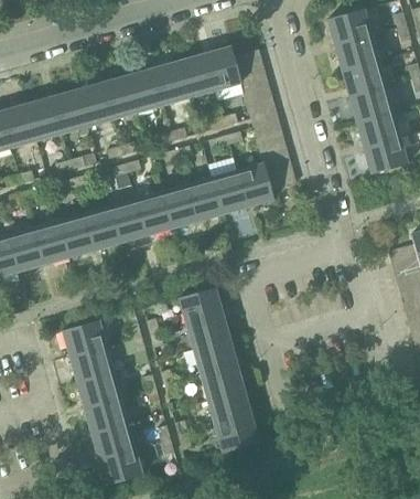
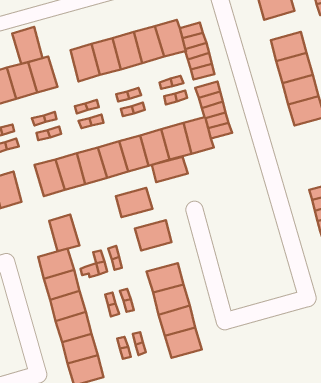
building: [334,35,378,71] -> none
building: [75,83,111,127] -> [12,27,42,64]
building: none -> [152,157,188,182]
building: [33,221,69,265] -> [49,214,79,251]
building: [186,314,230,349] -> [116,188,153,217]

